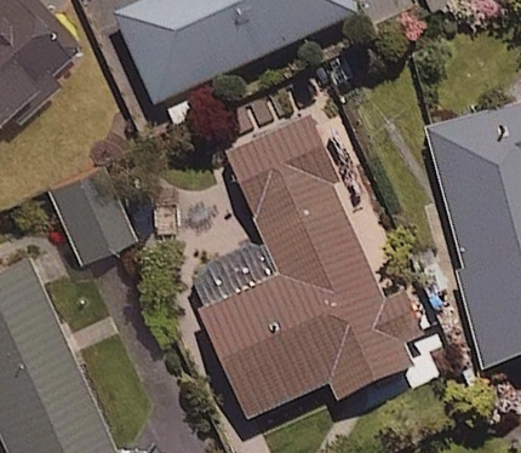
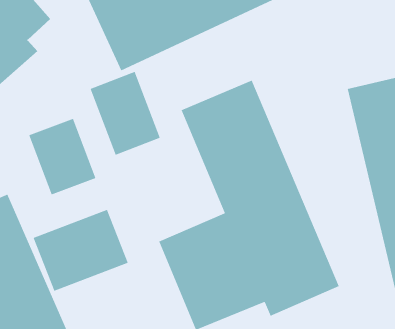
building: none -> [89,71,161,156]
building: none -> [33,209,129,292]

